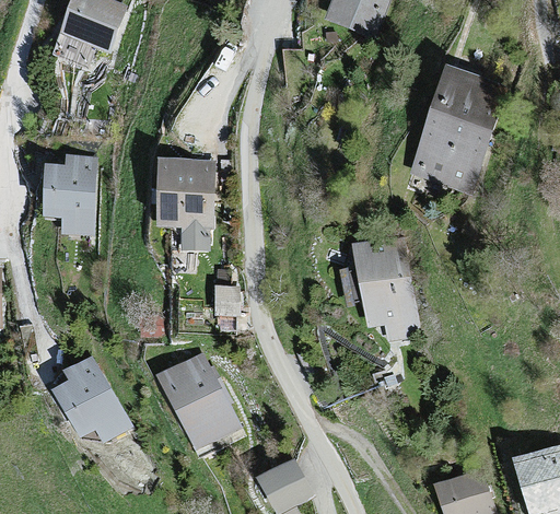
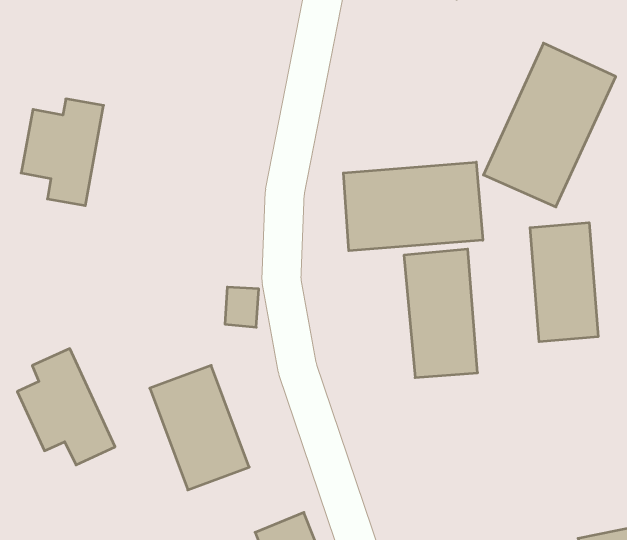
building: [153,163,210,252] -> none
building: none -> [343,162,483,251]
building: none -> [530,223,598,342]

